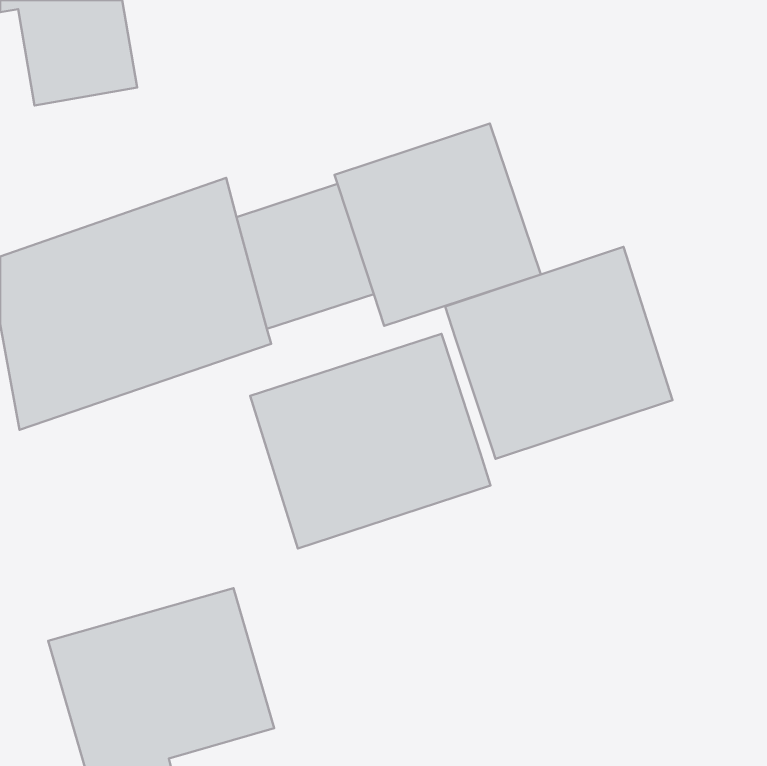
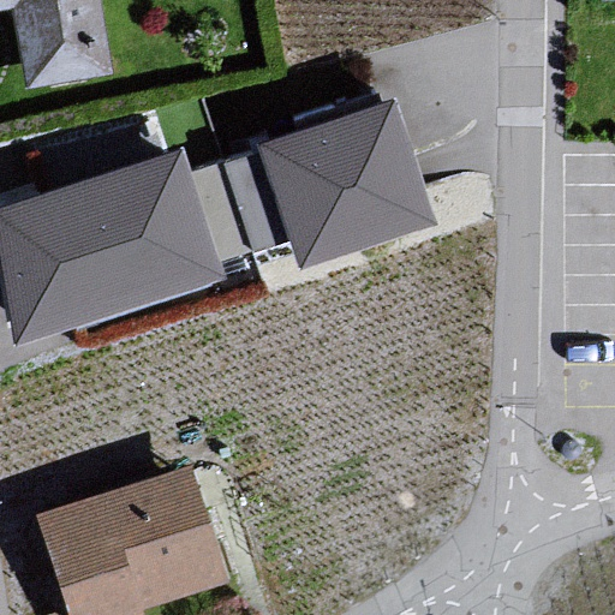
building: [445,247,672,459] -> none
building: [250,334,491,548] -> none

